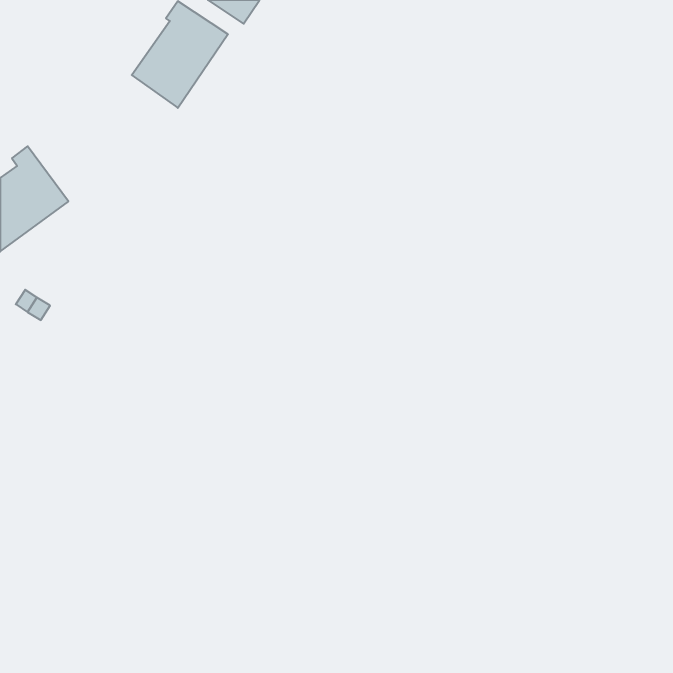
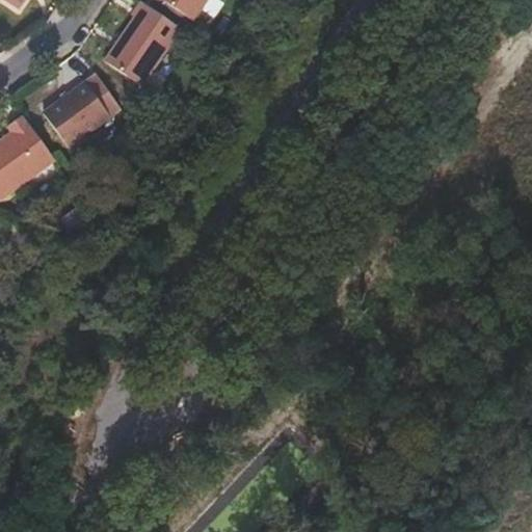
building: none -> [44,82,109,145]

